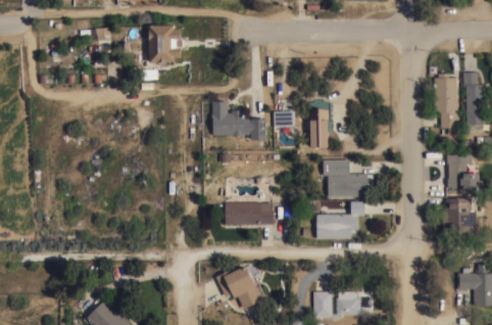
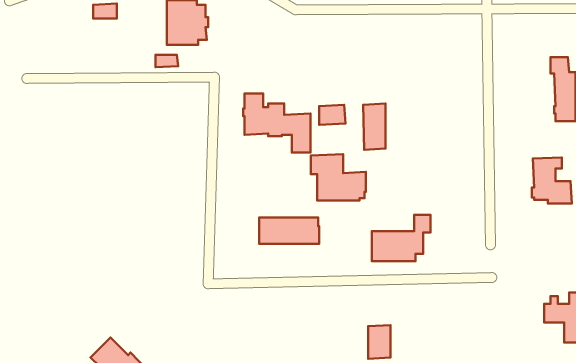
building: [434,73,460,128] -> none
building: [323,158,367,196] -> [311,154,366,201]
building: [442,197,477,233] -> none
building: [215,263,261,309] -> none
building: [336,290,360,315] -> none

